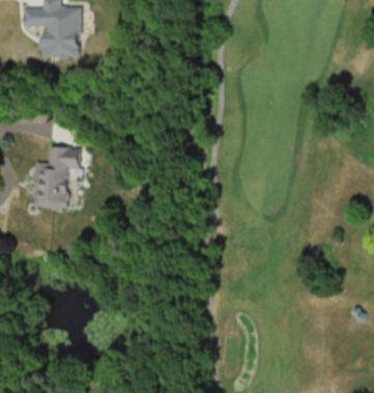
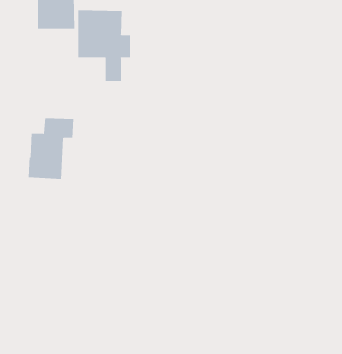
building: none -> [78,9,130,82]

